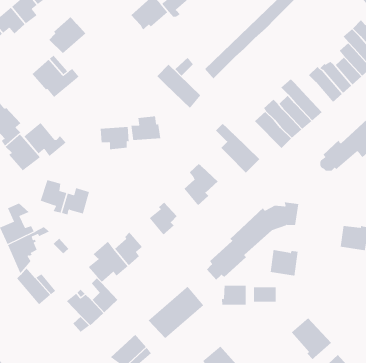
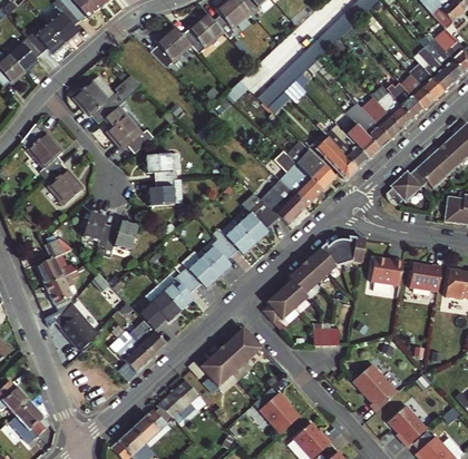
building: [48,16,86,54] -> [149,26,191,67]
building: [156,64,201,109] -> [285,141,334,191]
building: none -> [360,96,401,139]
building: [130,116,161,140] -> [149,178,183,205]
building: [24,122,66,157] -> [105,116,152,154]
building: none -> [259,178,306,225]
building: none -> [213,217,254,253]
building: none -> [179,248,216,286]
building: [270,250,298,276] -> [370,256,401,285]
building: [221,285,246,305] -> none

